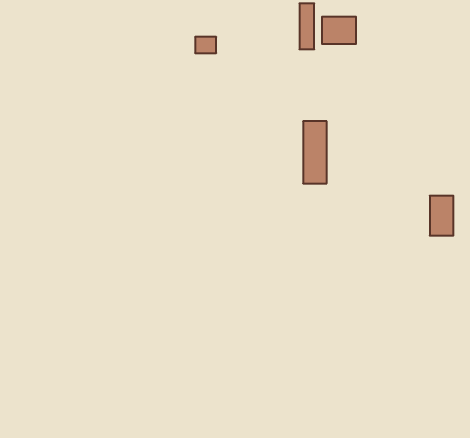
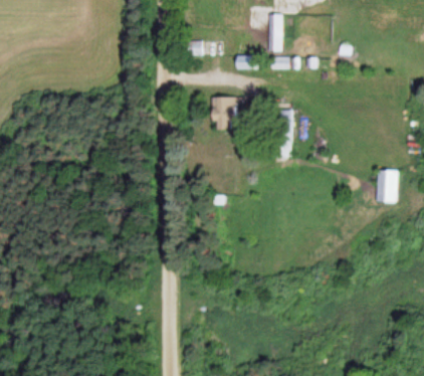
building: [322,17,356,44] -> none
building: none -> [212,98,237,130]

